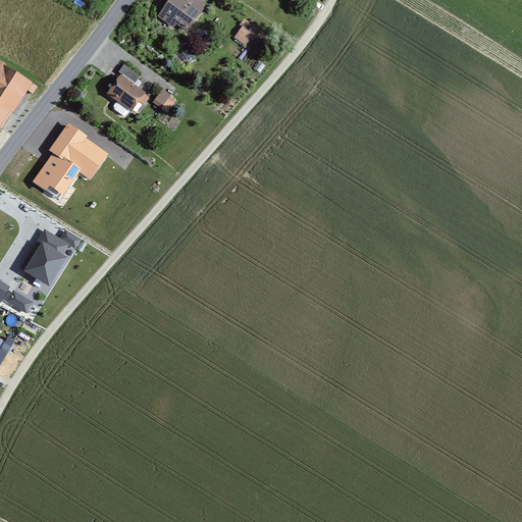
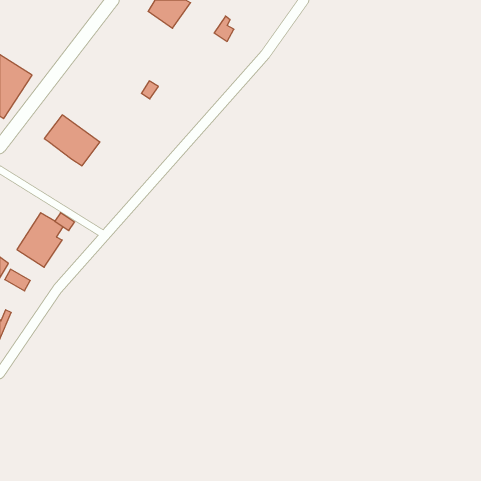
building: [105,71,148,112] -> none
building: [32,153,77,200] -> none

